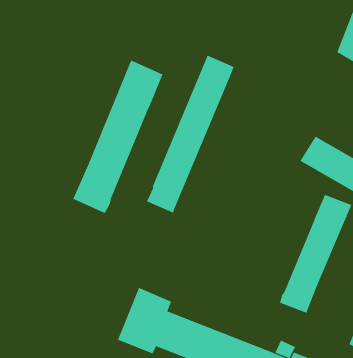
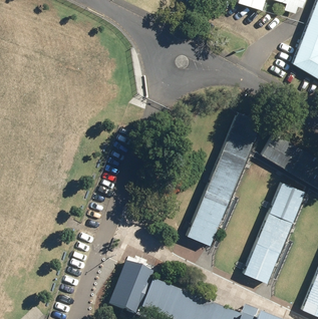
building: [146,55,235,213] -> [188,110,262,244]
building: [73,60,163,214] -> none

